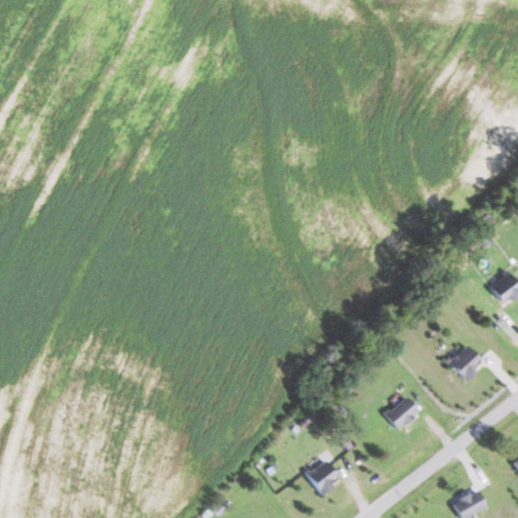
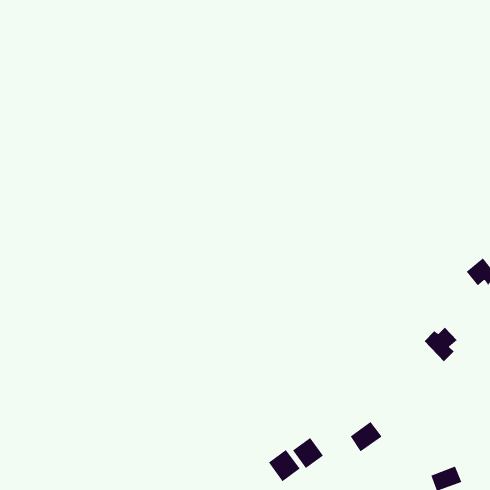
building: [386,398,421,430] -> [350,421,382,452]
building: none -> [268,449,301,482]

